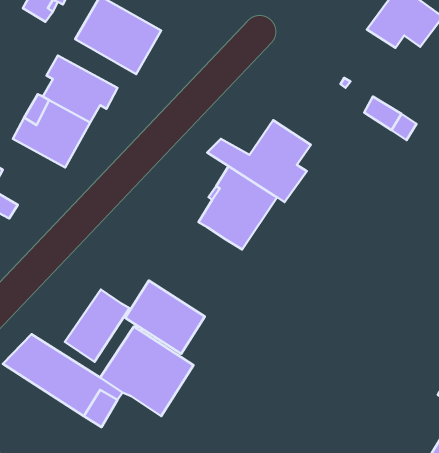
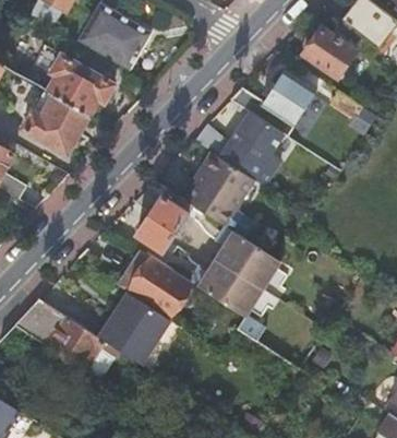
building: none -> [301,28,356,84]
building: none -> [229,71,315,137]
building: none -> [204,232,287,317]
building: [65,290,130,362] -> [134,190,191,253]

